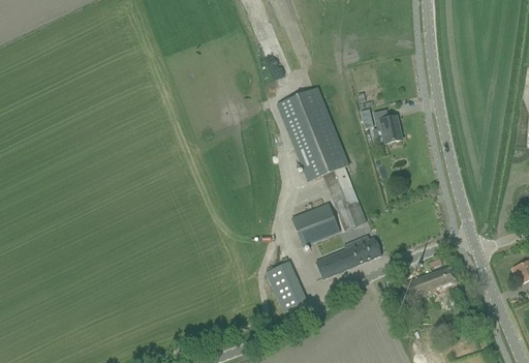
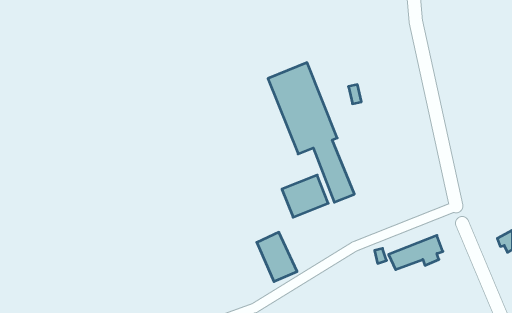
building: [373,109,402,143] -> none
building: [315,237,381,278] -> none

